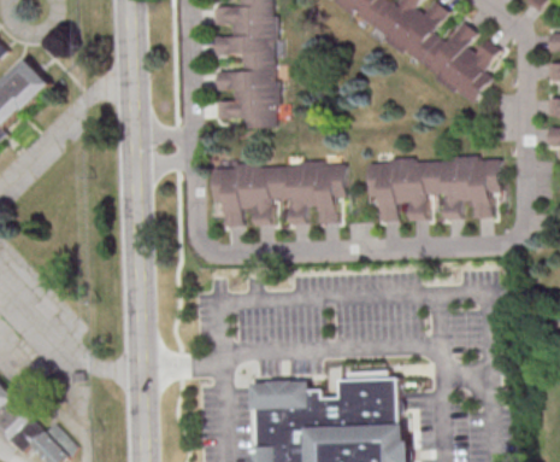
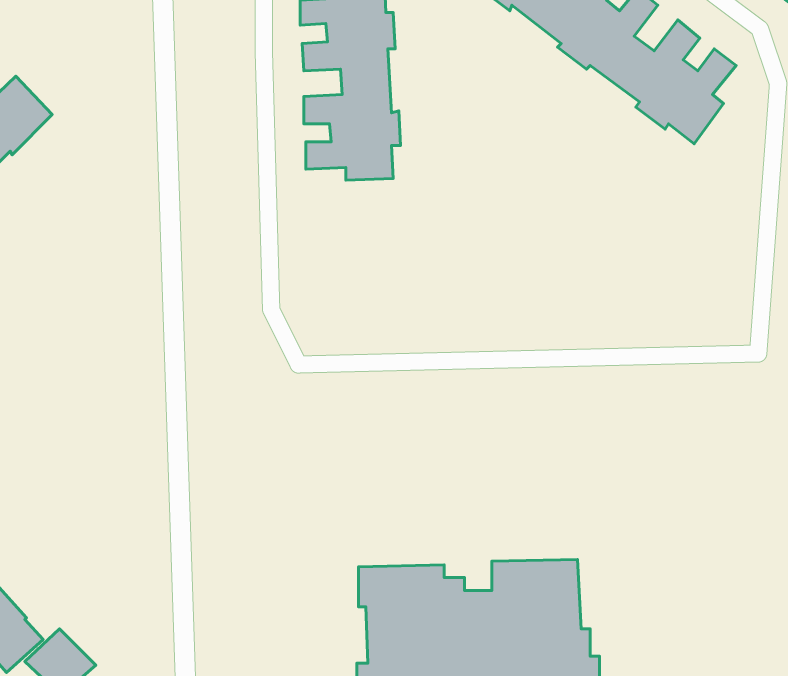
building: [367,156,500,221] -> none
building: [212,160,344,227] -> none

